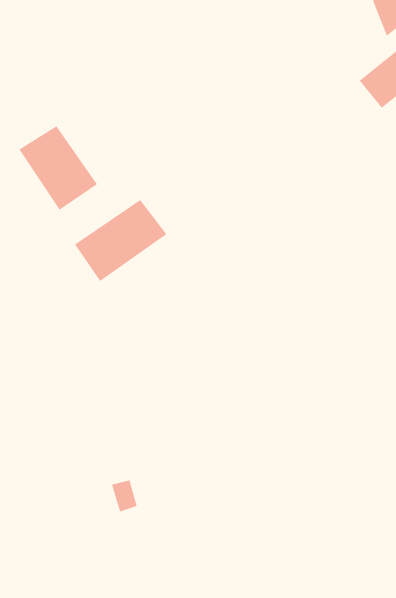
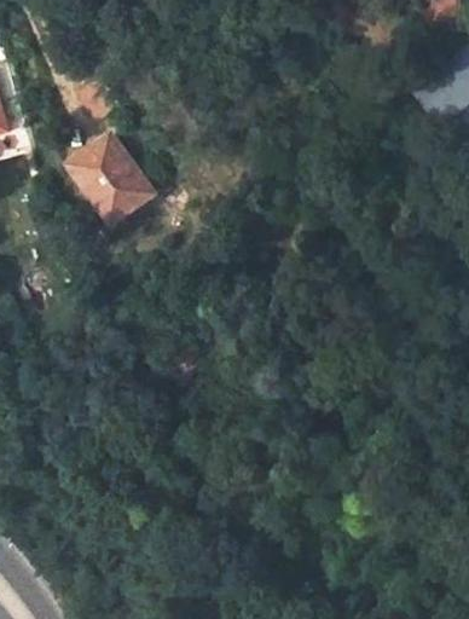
building: [74,199,167,282] -> none

